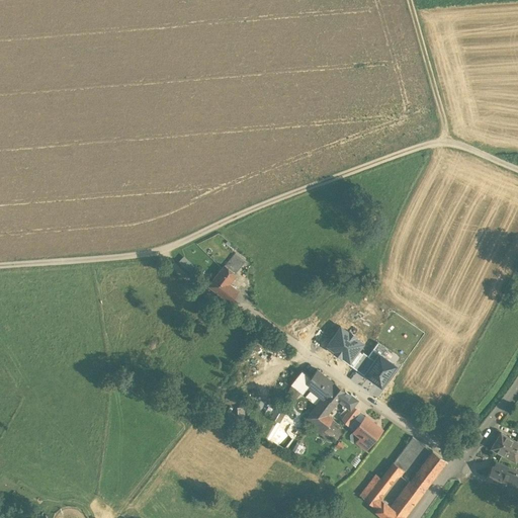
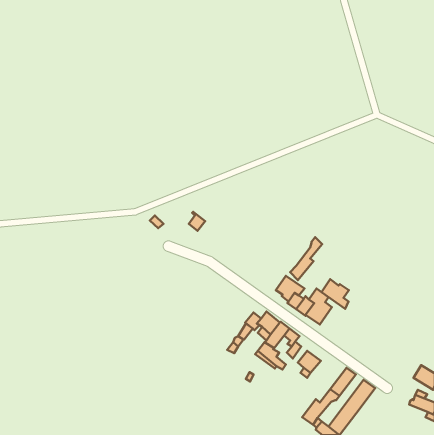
building: [210,266,238,300] -> none
building: none -> [290,237,322,280]
building: none -> [321,279,349,309]

